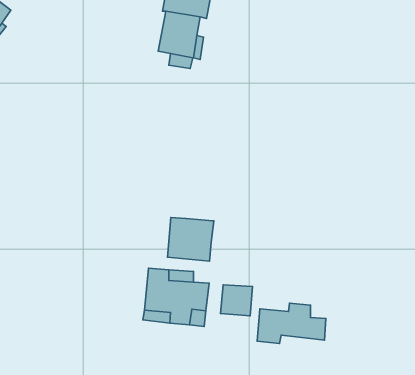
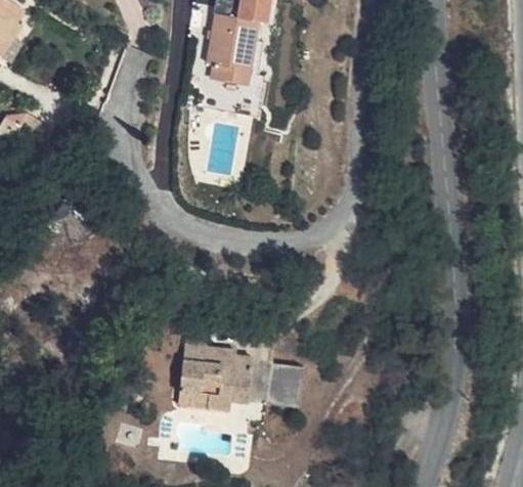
building: [168,217,214,261] -> none
building: [257,303,326,343] -> none

